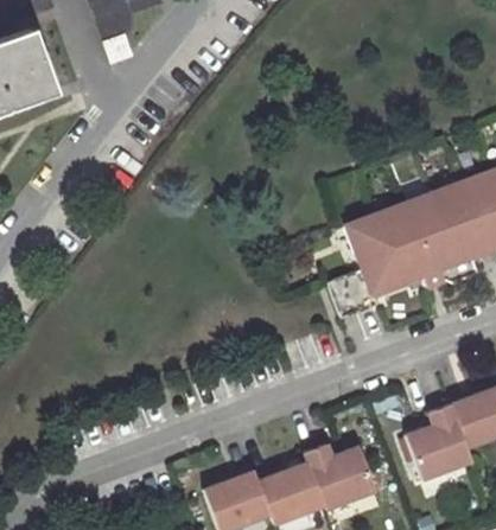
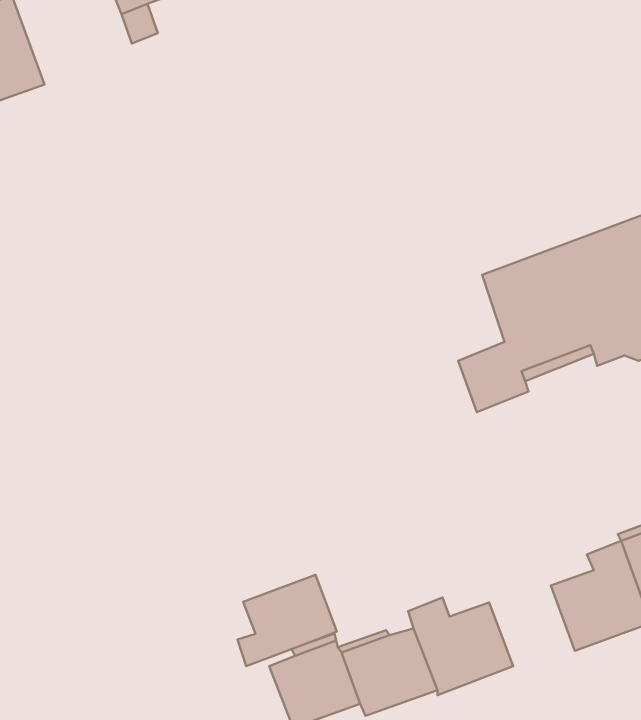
building: none -> [238,575,337,666]

